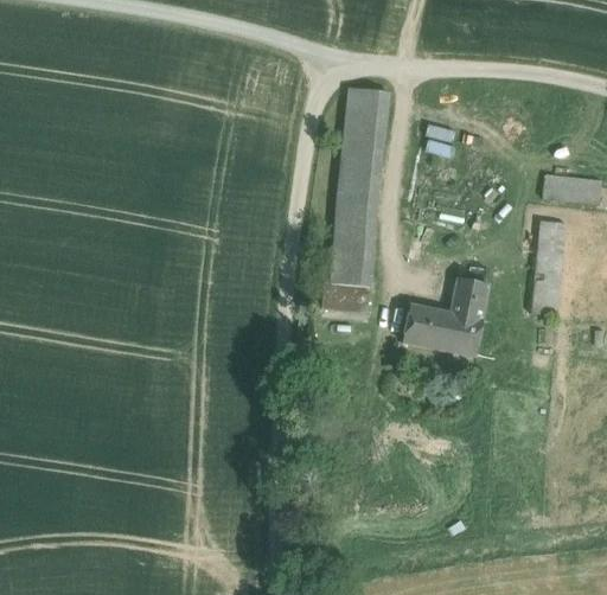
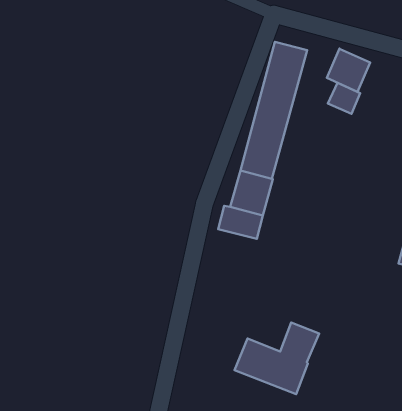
building: none -> [327,49,370,92]
building: [402,277,490,357] -> [235,323,319,394]

